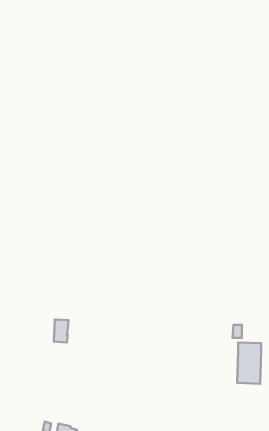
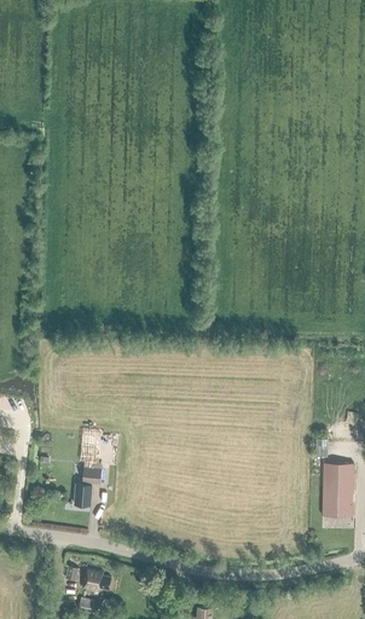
building: none -> [74,465,102,504]

